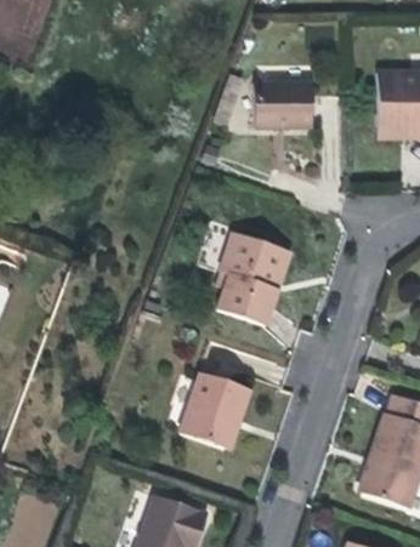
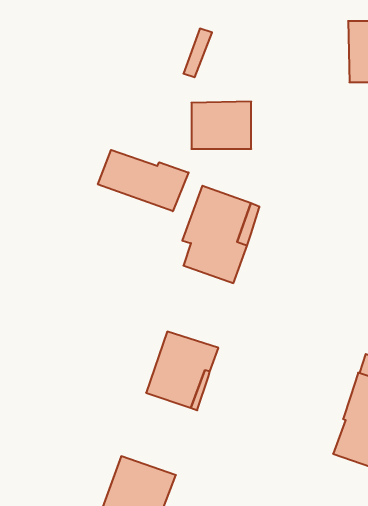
building: [254,80,312,126] -> [191,102,251,149]
building: none -> [98,150,189,211]

